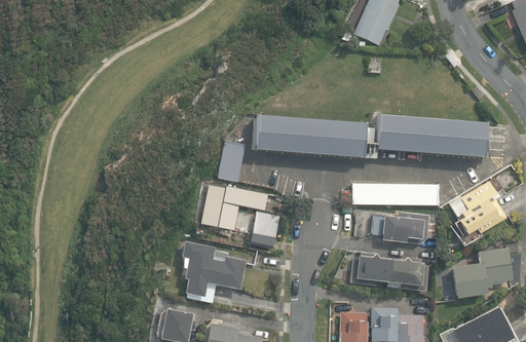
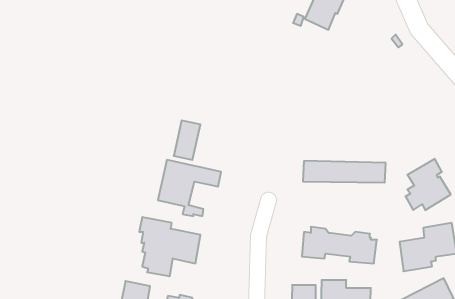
building: [255,114,486,159] -> none
building: [252,212,277,245] -> none
building: [372,212,436,243] -> none

